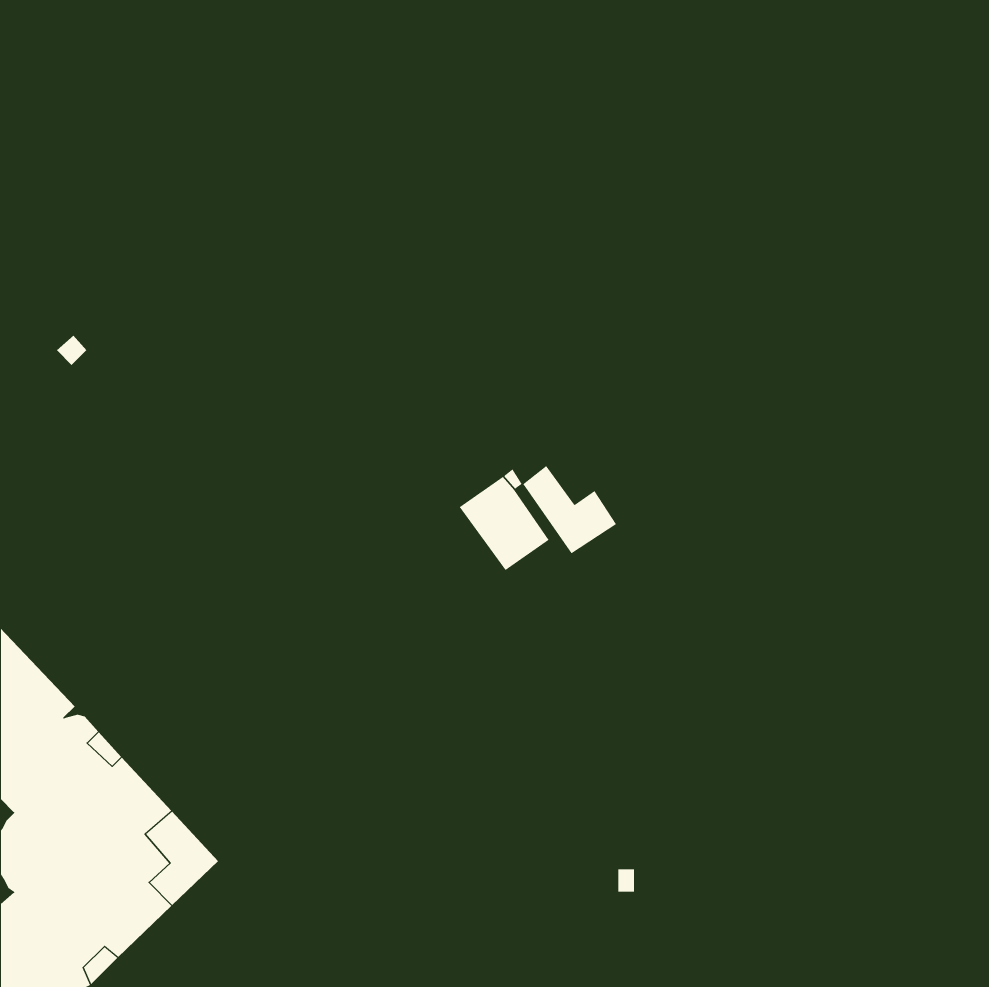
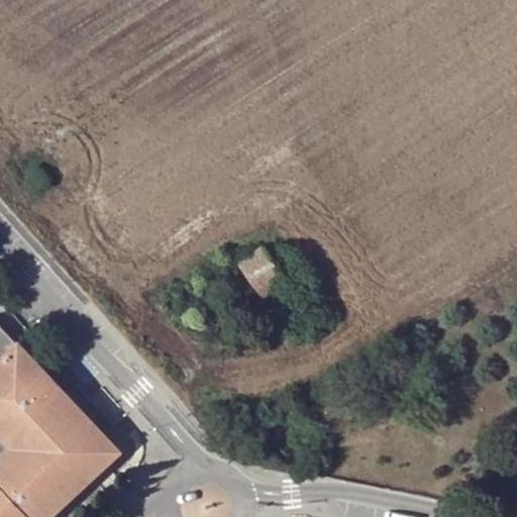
building: [523,465,617,554] -> none

